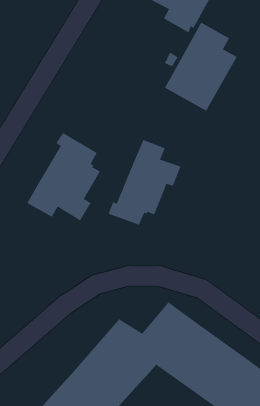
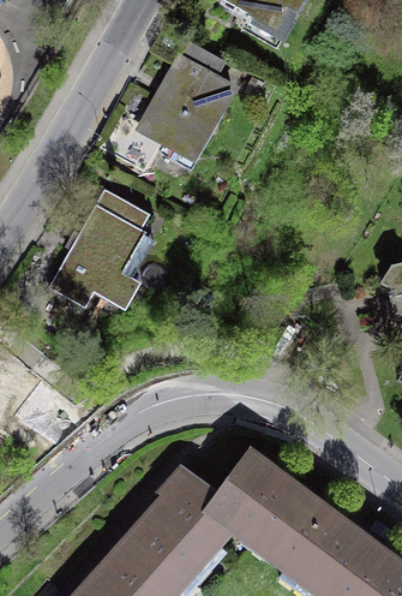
building: [164,22,237,112] -> [133,49,236,175]
building: [108,139,181,226] -> none

